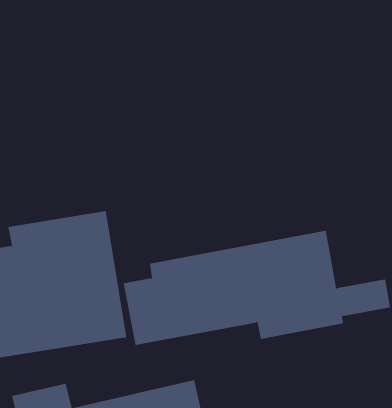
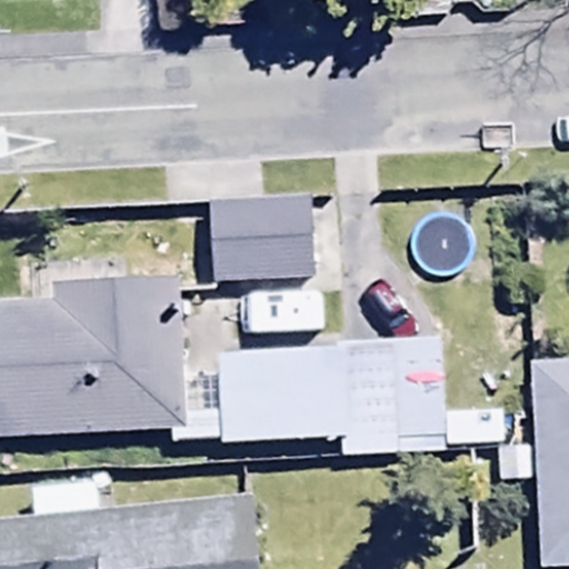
building: none -> [210,197,315,283]

